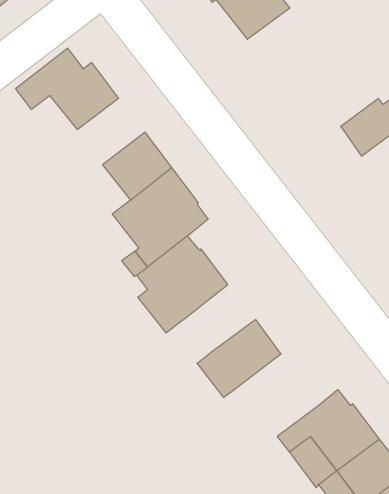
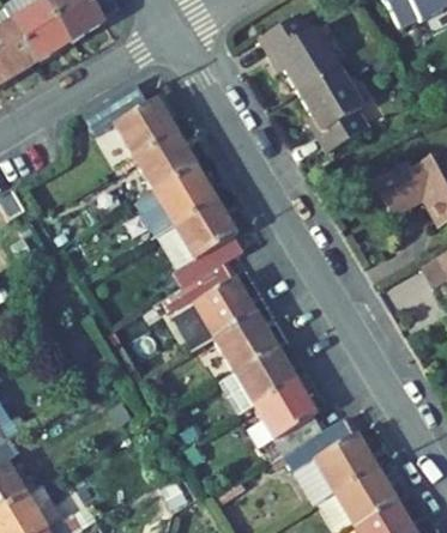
building: none -> [298,68,369,153]
building: none -> [135,132,197,190]
building: none -> [215,311,277,370]
building: none -> [254,380,324,454]

